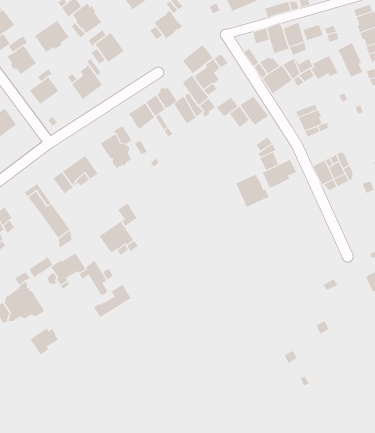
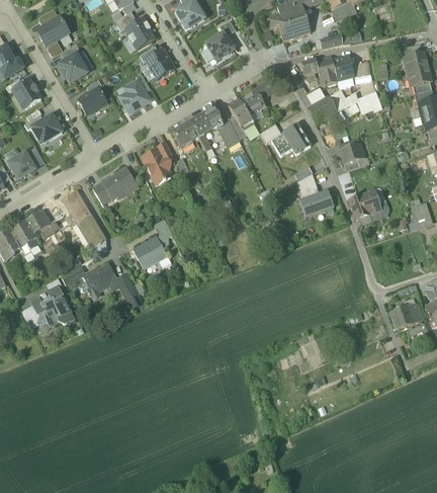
building: [34,20,70,53] -> none
building: [337,42,363,77] -> none
building: [182,45,214,74] -> none
building: [235,174,269,208] -> none
building: [93,284,132,318] -> none
building: [30,327,59,356] -> none

